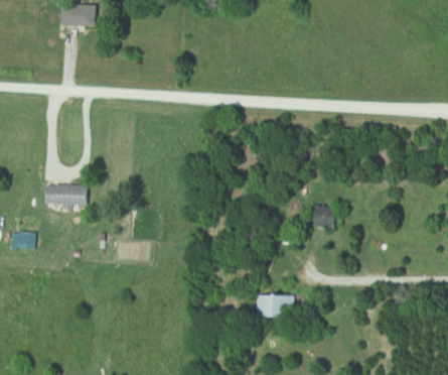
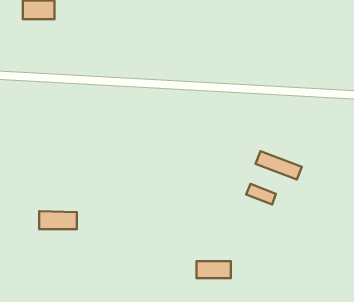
building: none -> [256,151,302,179]
building: [44,183,87,204] -> [39,211,77,229]

